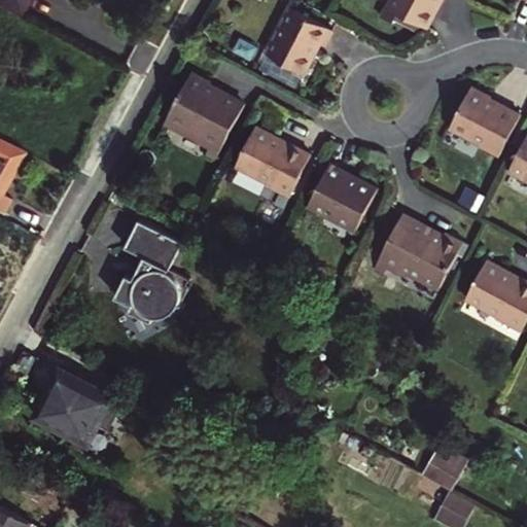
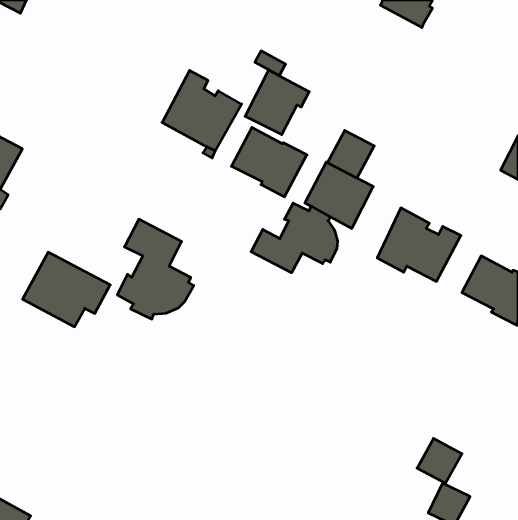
building: [268,6,332,71] -> [245,70,309,135]
building: [446,91,519,162] -> none
building: none -> [327,130,374,178]
building: none -> [251,203,338,273]
building: [33,367,121,443] -> [23,252,110,327]

